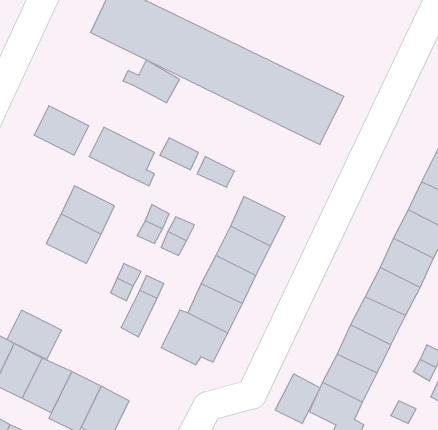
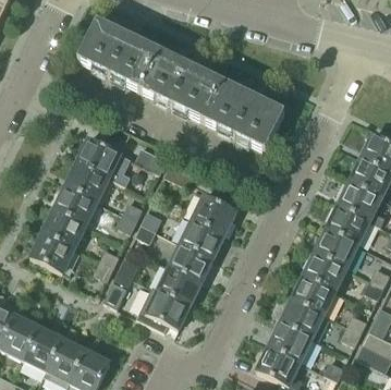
building: [123,60,179,103] -> none
building: [34,106,89,155] -> [64,162,109,203]
building: [7,310,62,360] -> [29,233,74,273]
building: [275,374,320,424] -> none

